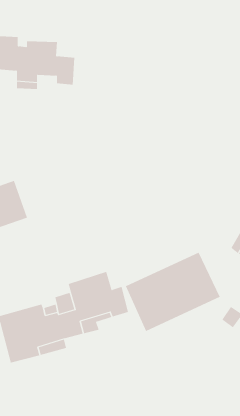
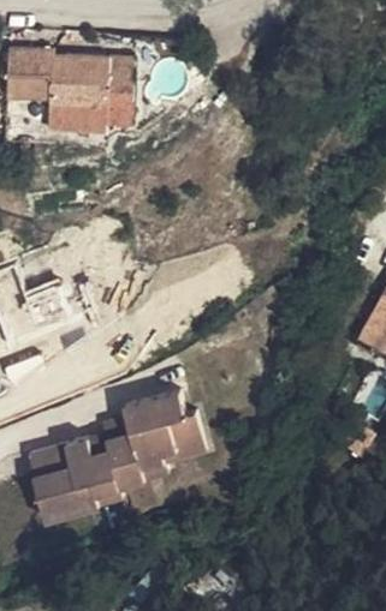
building: [125,252,221,332] -> none

